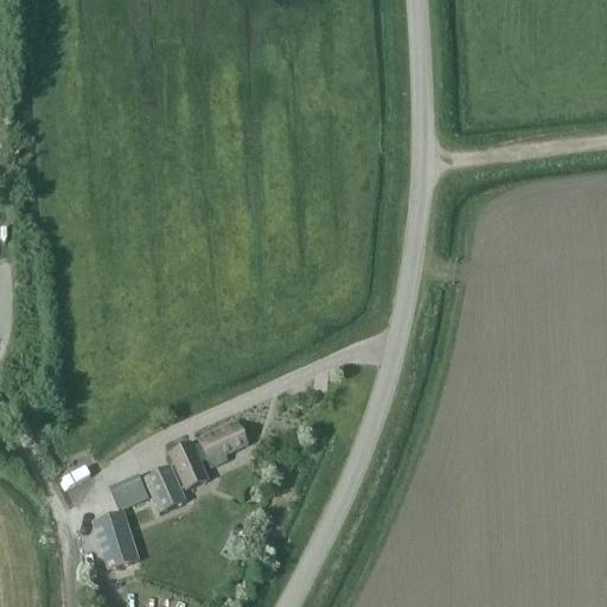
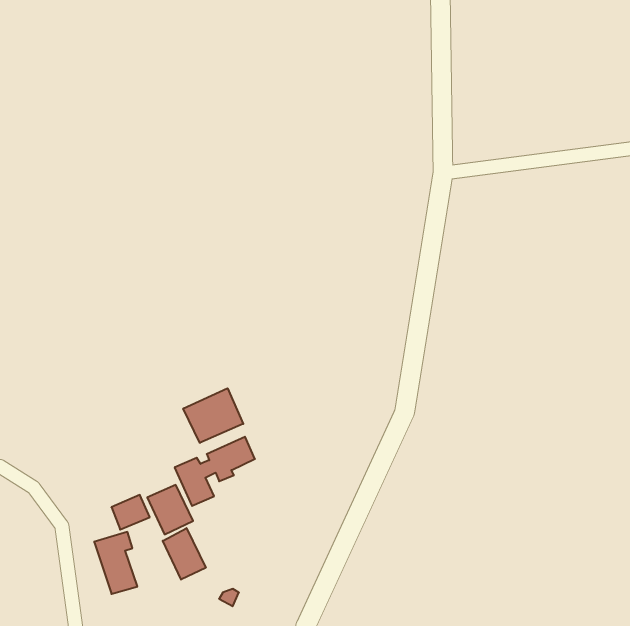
building: none -> [183,388,243,443]
building: none -> [163,528,206,580]

